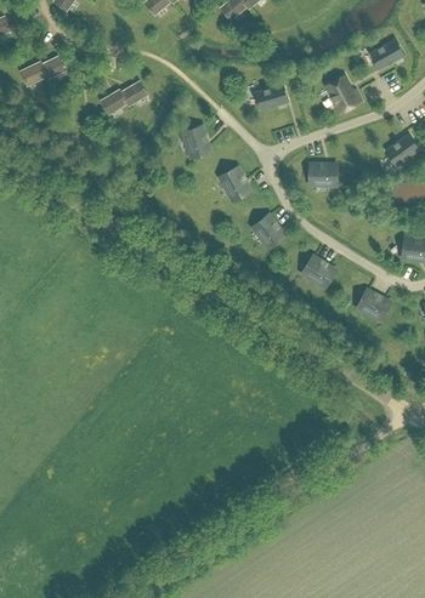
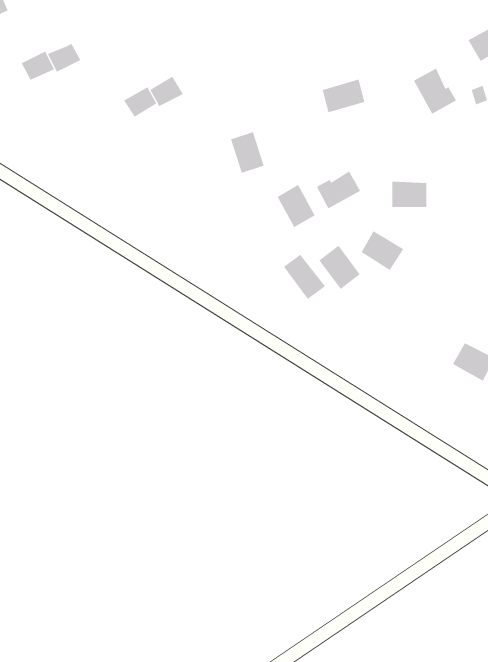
building: none -> [316,170,361,209]
building: none -> [283,254,326,300]
building: [302,256,336,287] -> [361,231,404,271]

